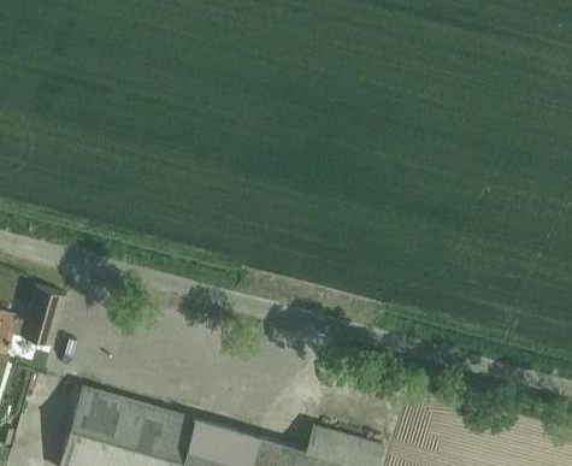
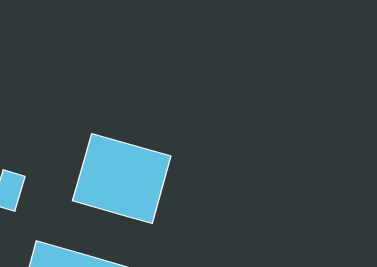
building: none -> [72,134,171,224]

